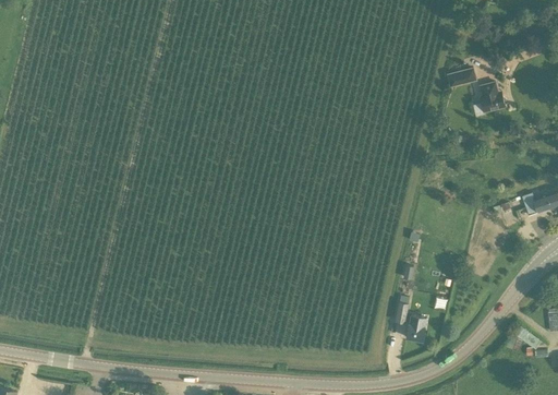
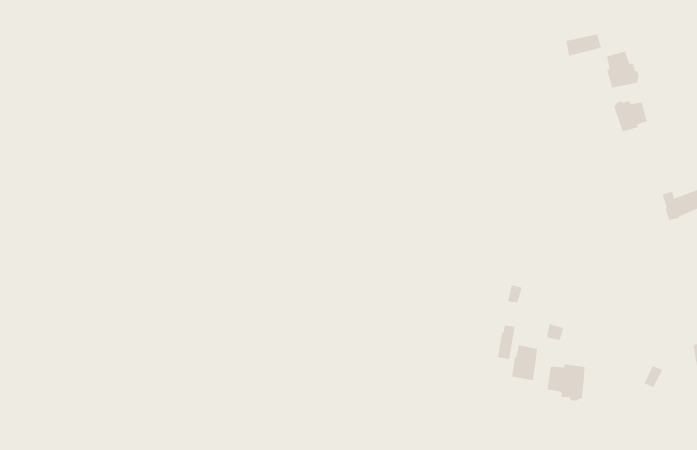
building: none -> [613,100,648,132]
building: none -> [547,364,585,402]

